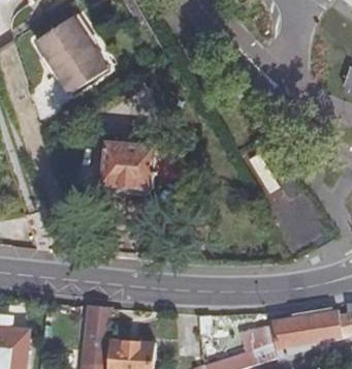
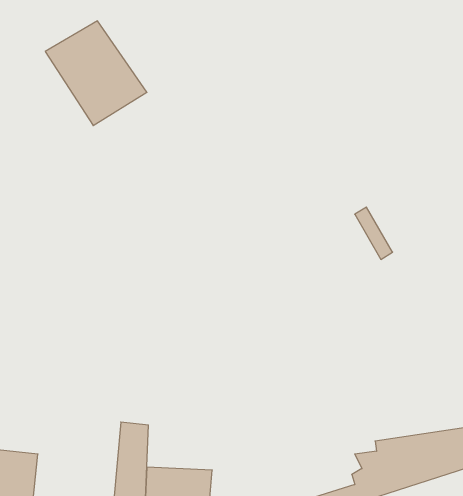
building: [104,139,158,199] -> none

